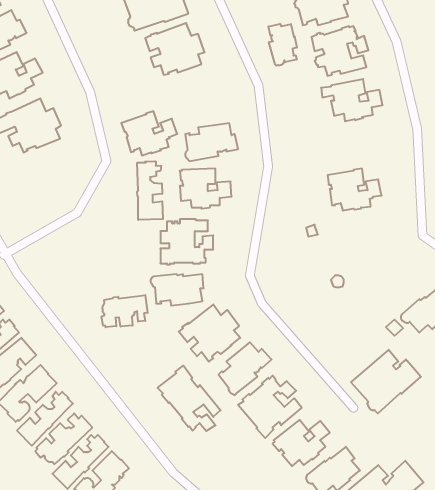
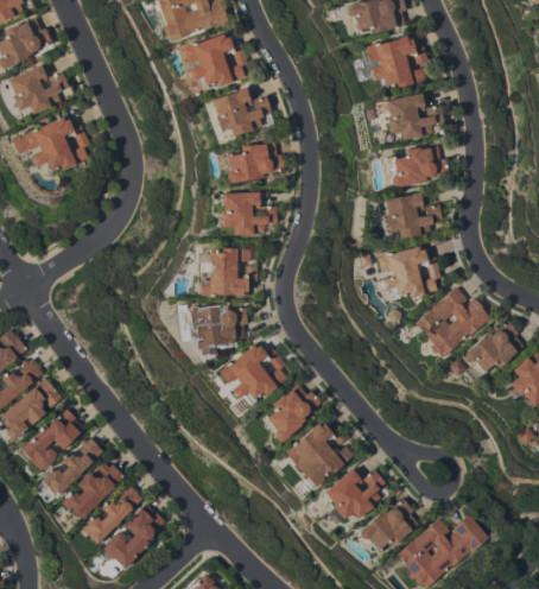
building: [268,24,297,66] -> none
building: [121,111,177,155] -> [210,88,272,137]
building: none -> [386,145,449,186]
building: [137,161,163,220] -> none
building: none -> [374,245,442,300]
building: [102,295,148,327] -> none
building: [351,350,421,413] -> [414,287,492,357]
building: [158,366,221,431] -> none

